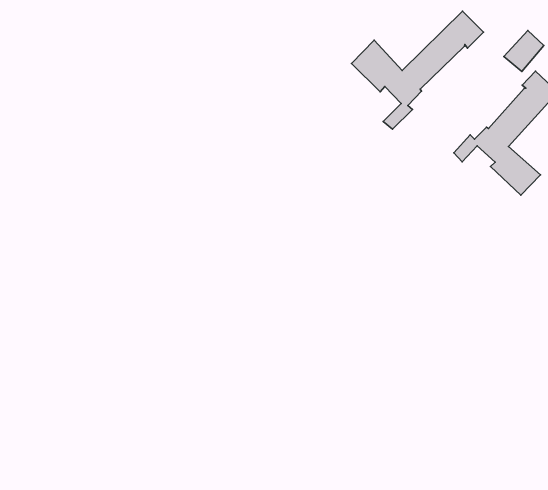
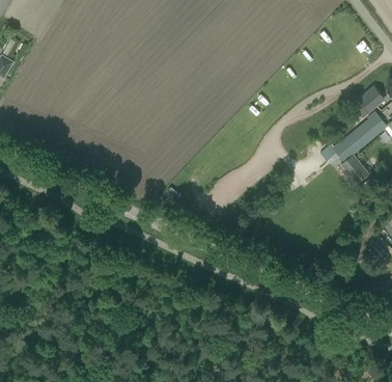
building: [352,11,483,129] -> none

